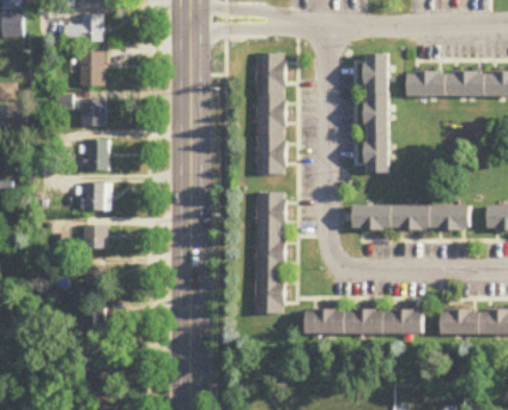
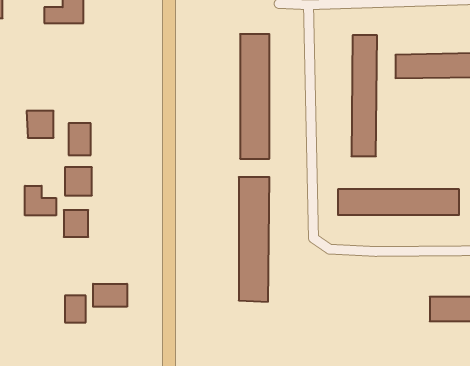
building: [79,52,104,85] -> none
building: [79,98,105,125] -> [27,111,54,138]
building: none -> [25,186,56,215]
building: none -> [93,284,127,307]
building: [306,309,424,333] -> none

